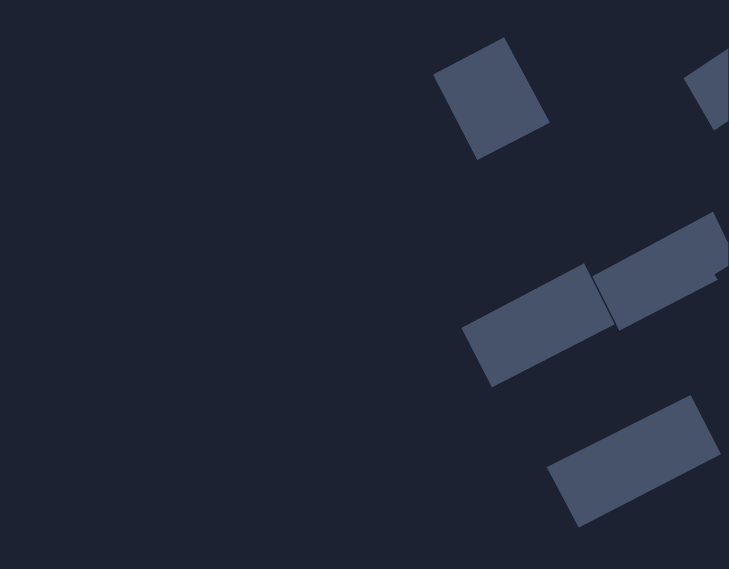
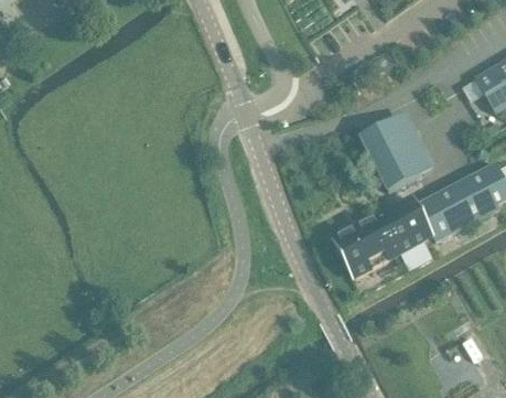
building: [432,37,551,161] -> [358,111,434,191]
building: [546,394,722,528] -> none

